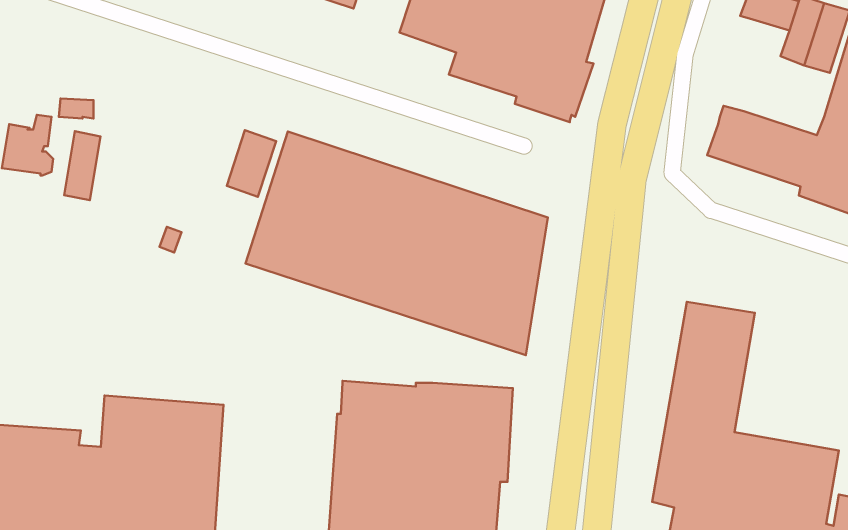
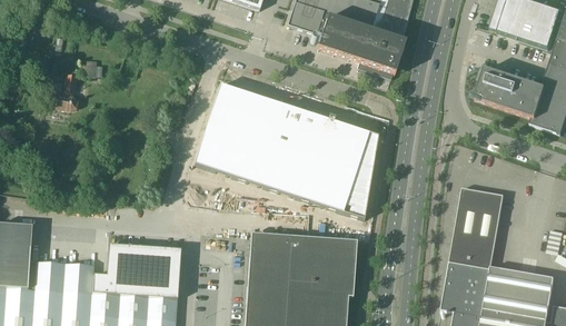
building: none -> [489,12,524,37]
building: [227,130,276,197] -> none
building: [64,131,101,200] -> none

